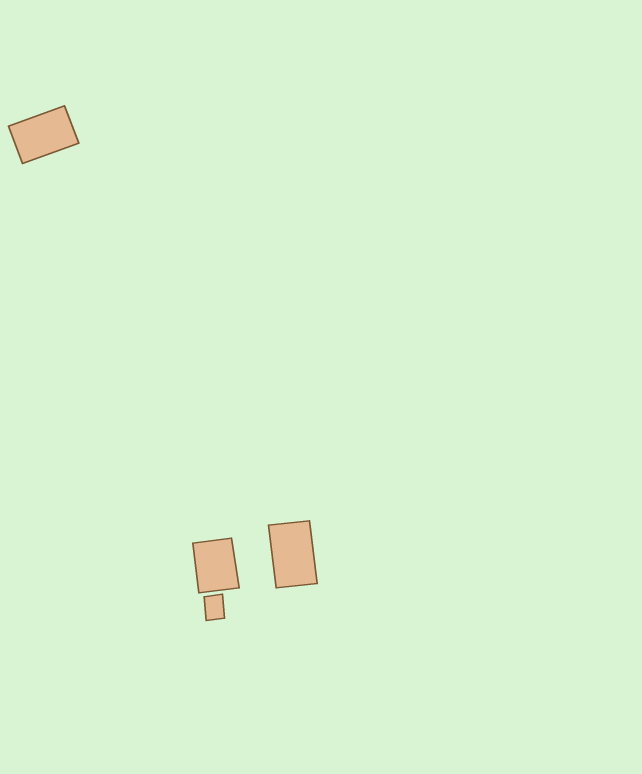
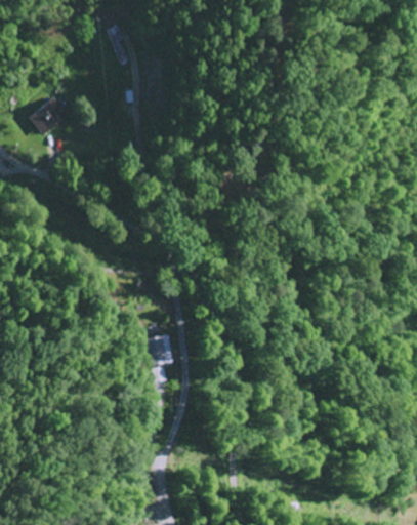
building: [269,521,317,588] -> none

